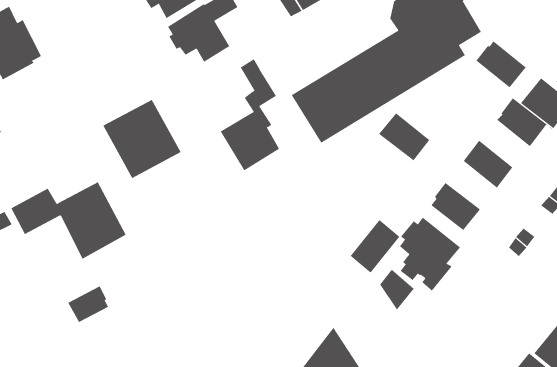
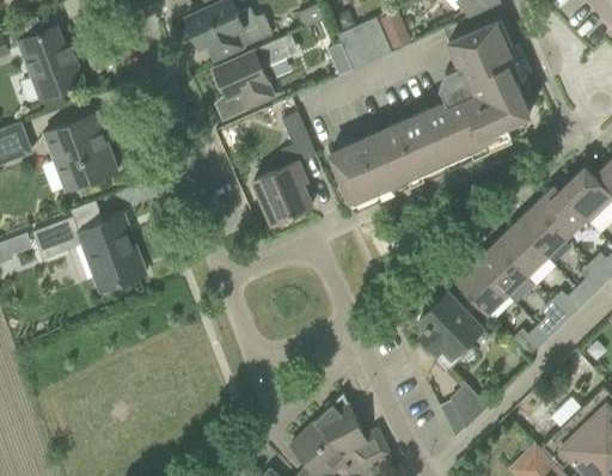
building: [476,41,527,88] -> [514,205,565,255]
building: [102,99,182,179] -> [42,114,118,191]
building: [378,113,430,161] -> [475,242,526,293]
building: [350,219,400,273] -> none
building: [379,269,415,311] -> [452,384,488,427]
building: [68,286,109,323] -> none

